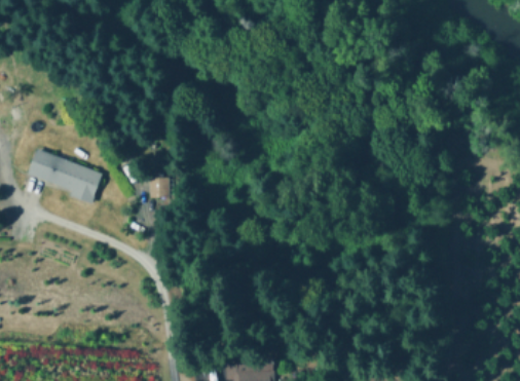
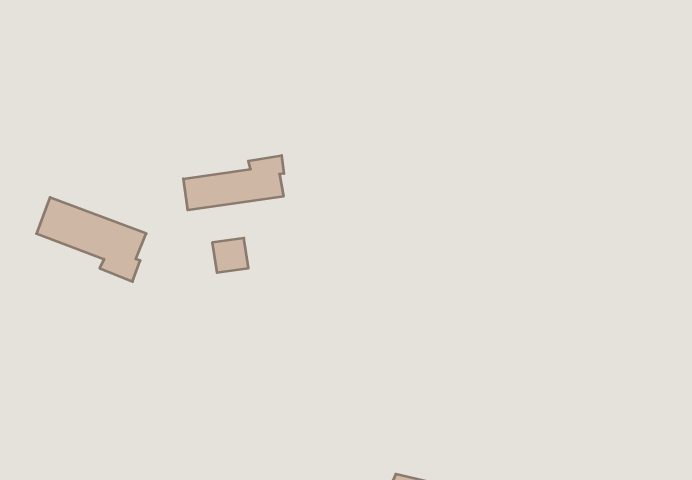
building: none -> [183,155,284,210]

